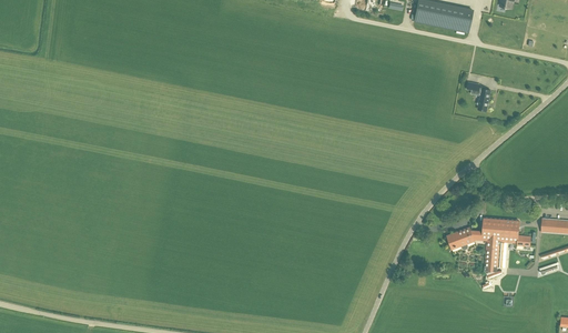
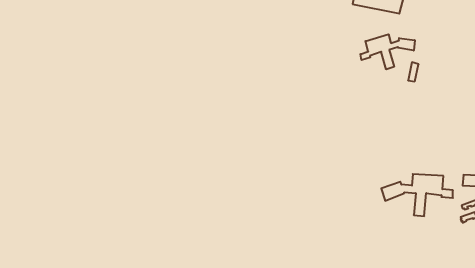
building: none -> [360,34,415,69]

